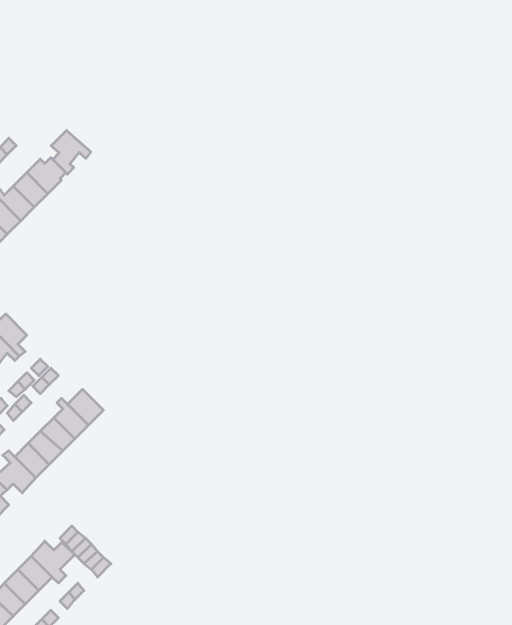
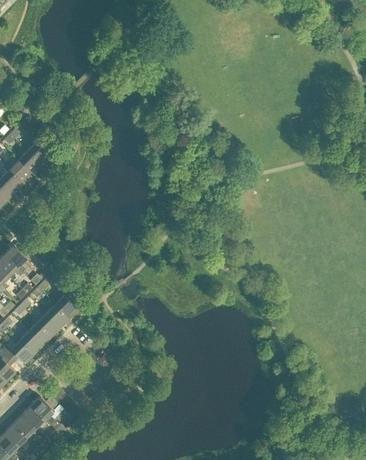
building: [51,130,91,174] -> none

